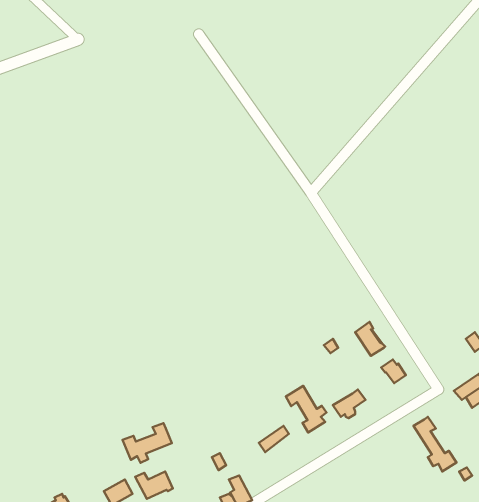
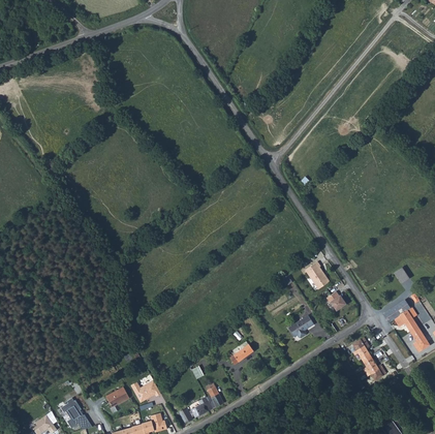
building: [286,386,326,433] -> none
building: [123,423,172,463] -> none

